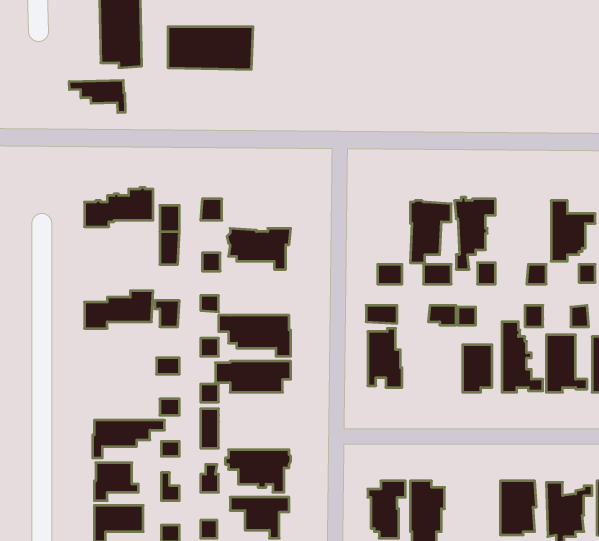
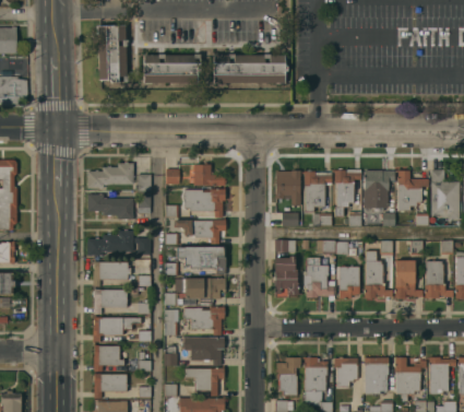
building: none -> [213,55,284,83]
building: [69,80,125,113] -> none
building: none -> [193,163,224,185]
building: none -> [276,170,301,205]
building: none -> [364,170,395,211]
building: none -> [87,195,133,220]
building: none -> [174,220,225,244]
building: none -> [305,258,336,298]
building: none -> [93,261,131,285]
building: none -> [94,290,127,314]
building: none -> [182,306,225,334]
building: none -> [334,358,358,387]

